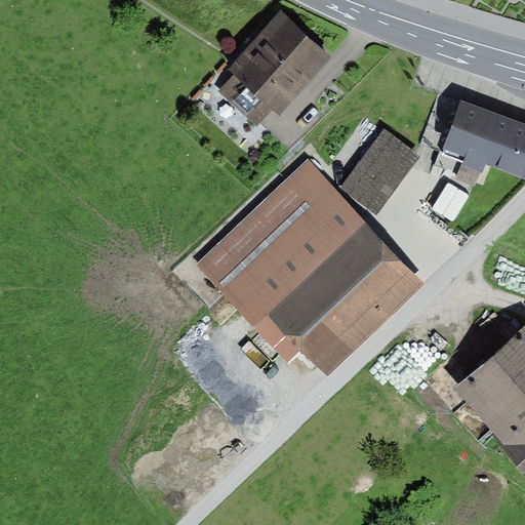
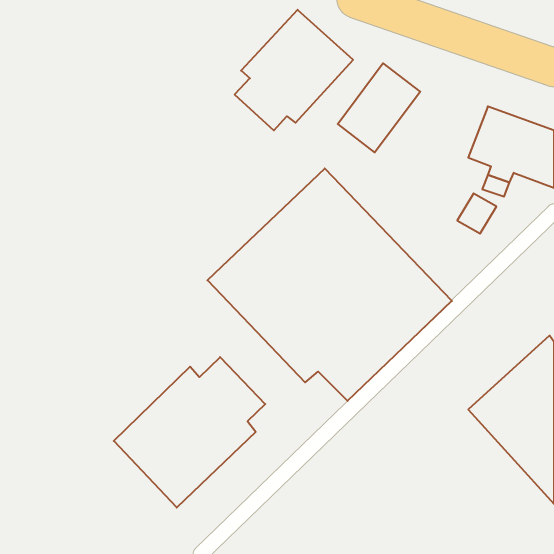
building: [341,129,419,213] -> [338,63,420,152]
building: none -> [114,357,265,508]

